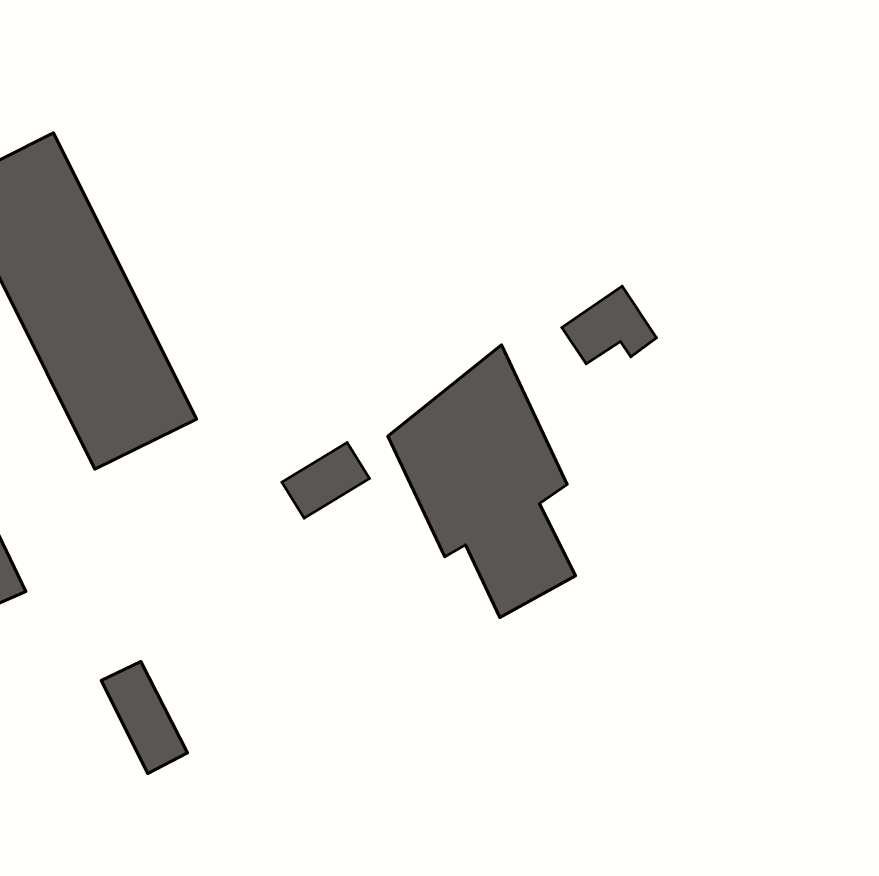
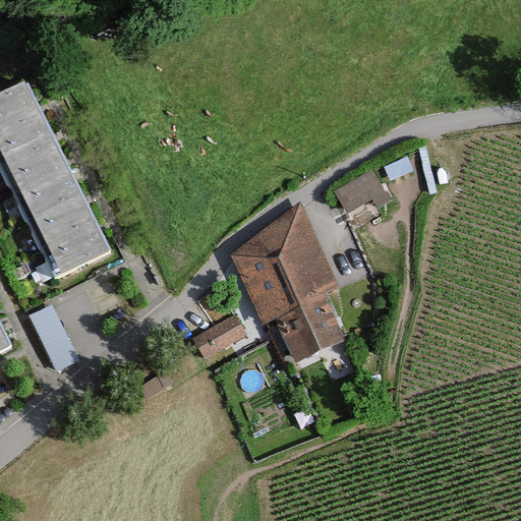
building: [282,442,370,518] -> [192,314,244,359]
building: [101,661,187,774] -> [26,305,77,371]

